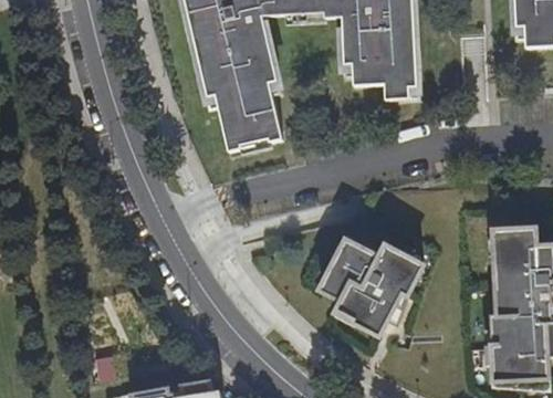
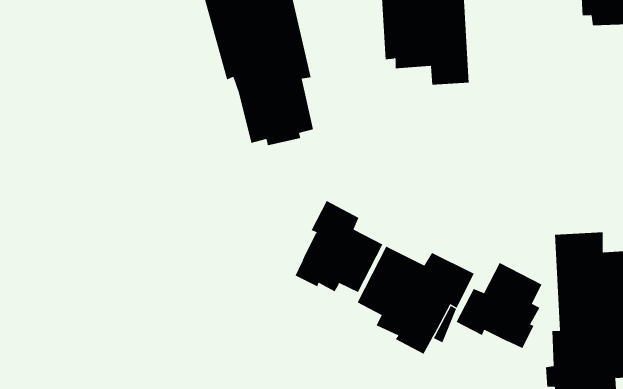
building: none -> [295,200,383,293]
building: none -> [456,262,542,349]

